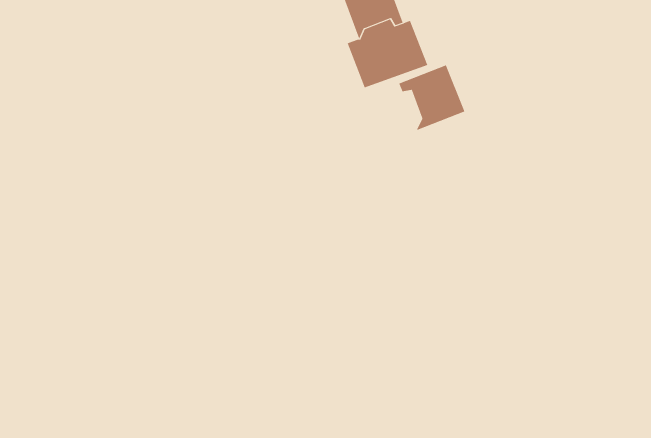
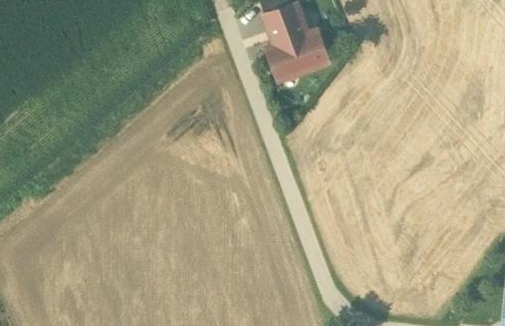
building: [398,65,465,130] -> none

